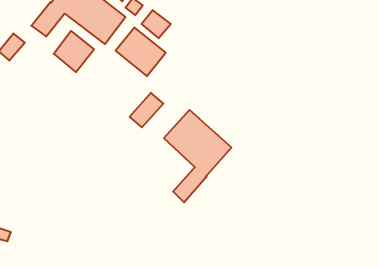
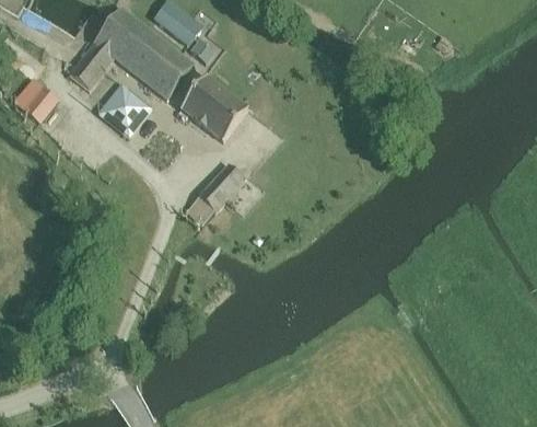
building: [142,10,171,38] -> none
building: [164,110,231,202] -> none

